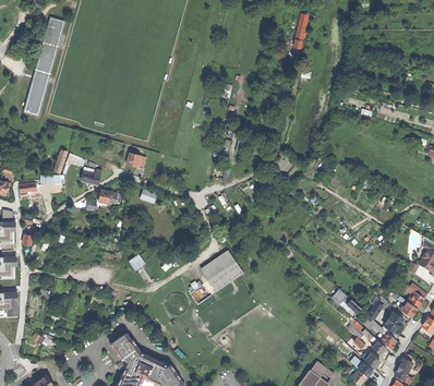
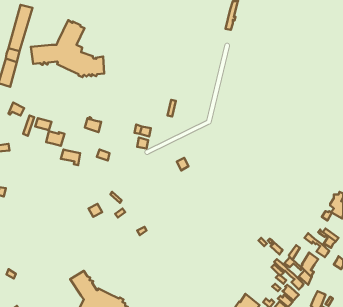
building: none -> [31,20,104,77]
building: [202,250,244,291] -> none

